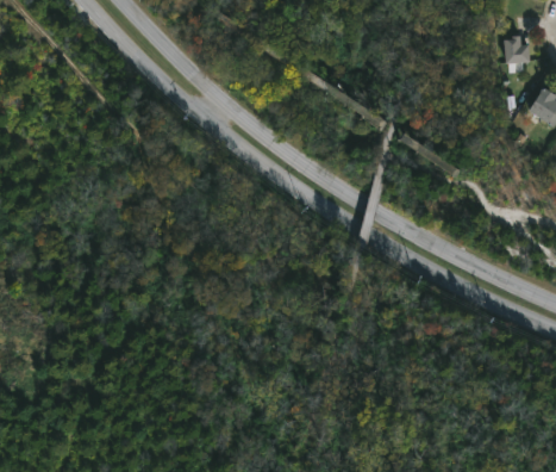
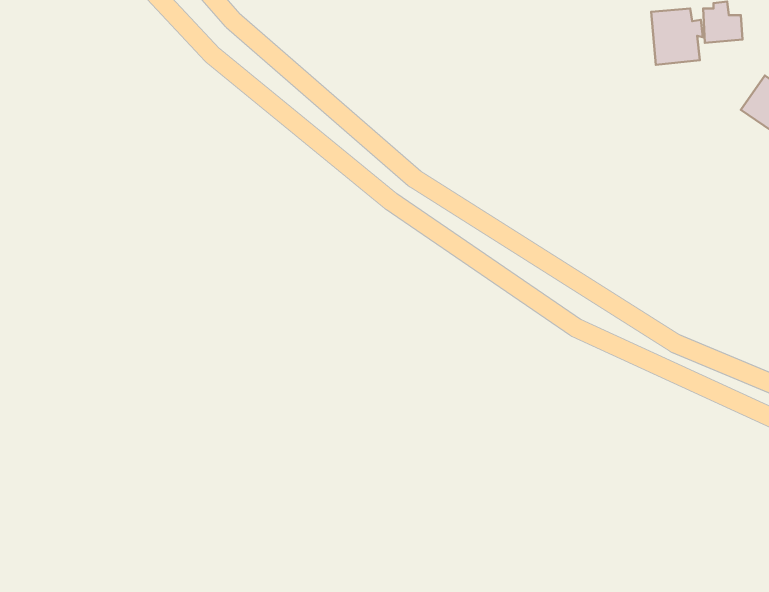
building: none -> [651,9,703,65]

